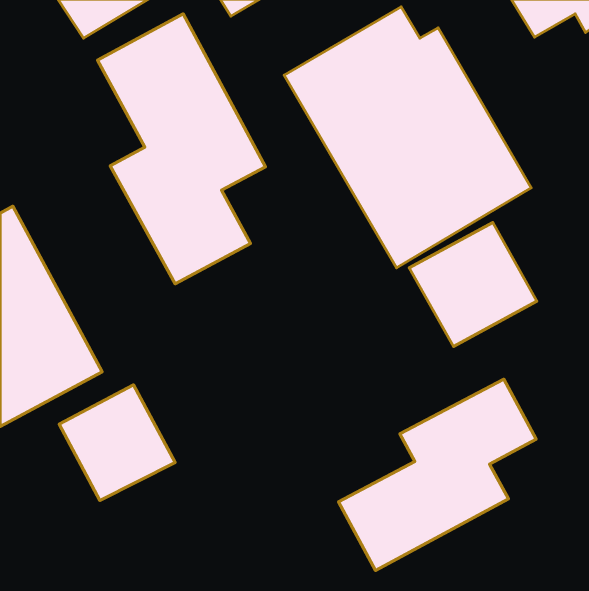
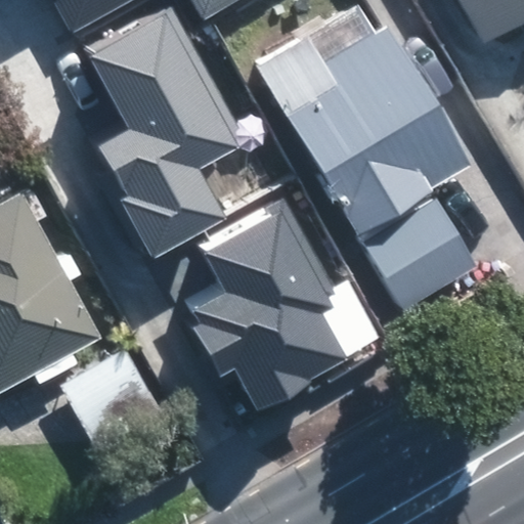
building: none -> [196,209,347,411]
building: [339,379,536,570] -> none

